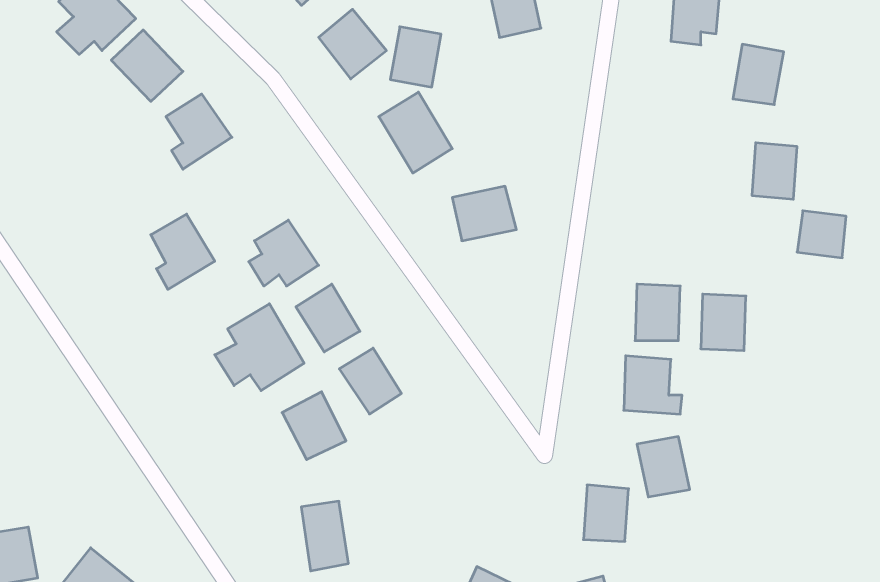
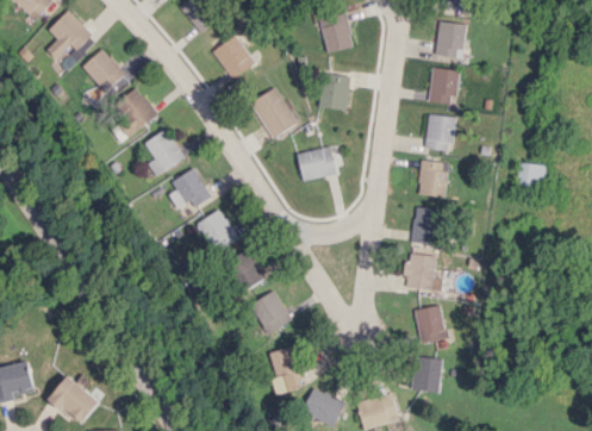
building: [390,27,441,87] -> [318,73,350,111]
building: [733,44,784,105] -> [426,67,459,105]
building: [752,143,797,199] -> [424,114,453,150]
building: [151,214,215,289] -> [144,129,185,176]
building: [701,294,746,351] -> [418,161,447,196]
building: [215,304,304,391] -> none
building: [282,392,346,460] -> [250,291,291,333]
building: [583,485,629,541] -> [412,356,441,392]
building: [301,501,348,571] -> [272,348,301,392]

